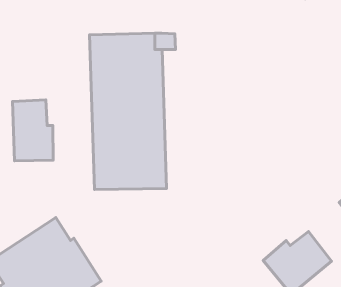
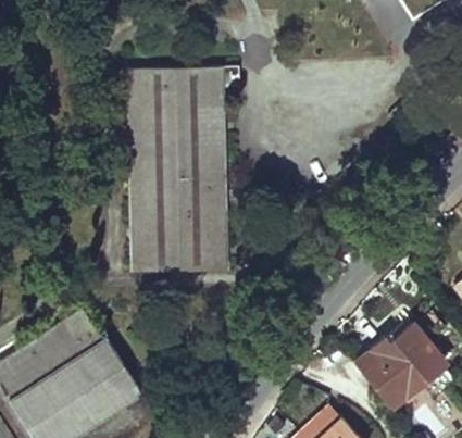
building: [13,100,53,161] -> none

